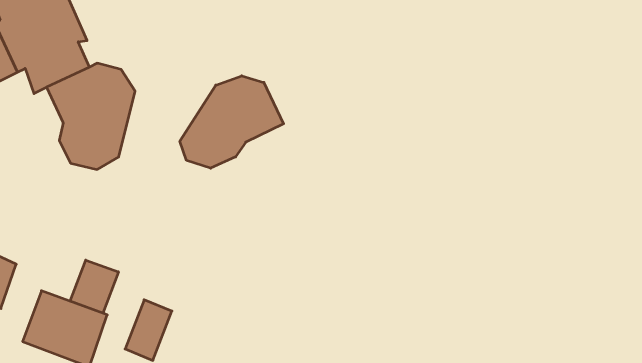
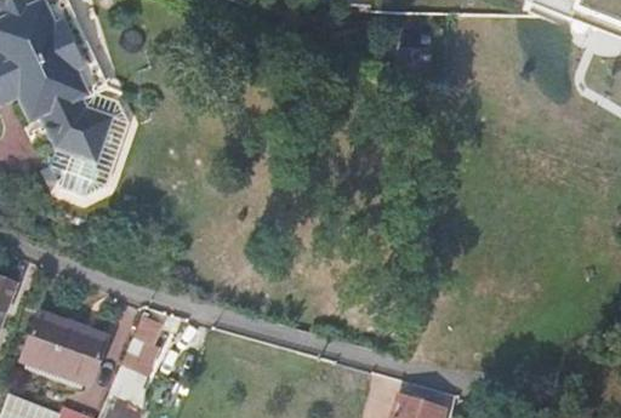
building: [180,76,284,168] -> none
building: [70,260,118,313] -> none

